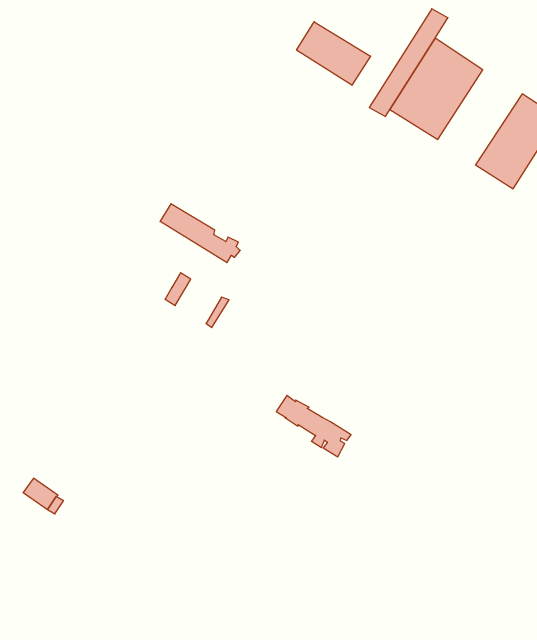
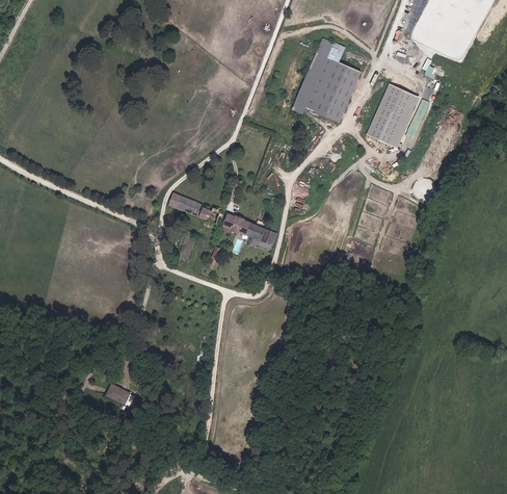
building: [297,22,371,85] -> none
building: [276,395,351,457] -> [224,214,275,249]

